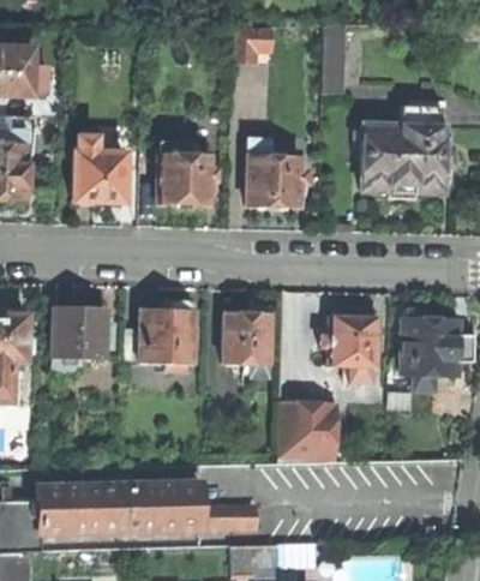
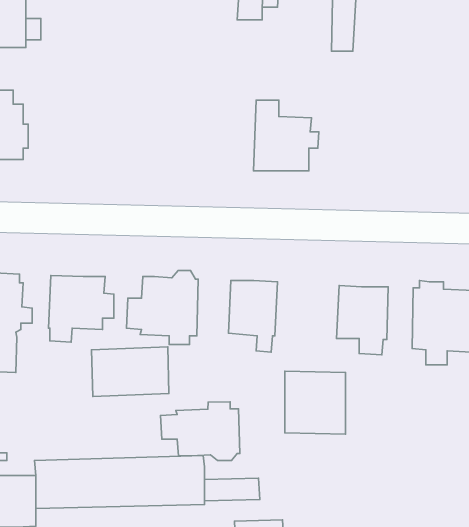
building: [361,108,448,203] -> none
building: [73,137,128,205] -> none
building: [158,143,212,208] -> none
building: none -> [92,347,169,396]
building: none -> [161,402,240,461]

